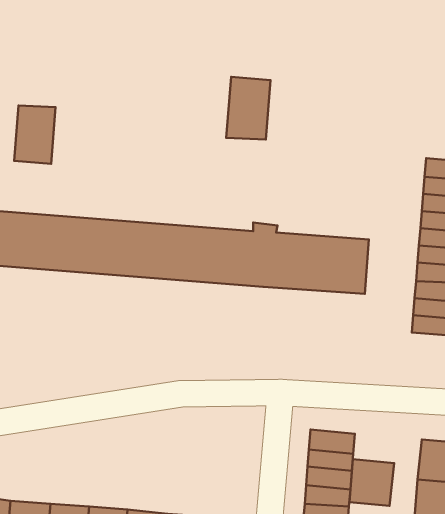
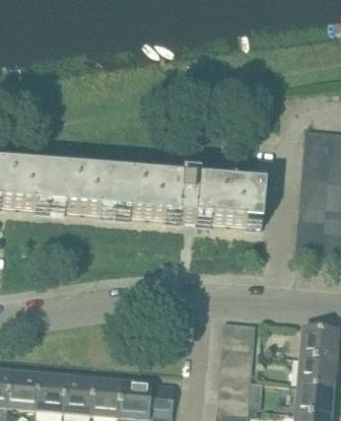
building: [226,77,270,140] -> none
building: [14,105,56,164] -> none
building: [349,459,394,506] -> none

